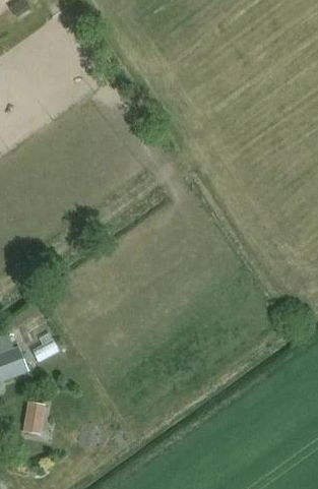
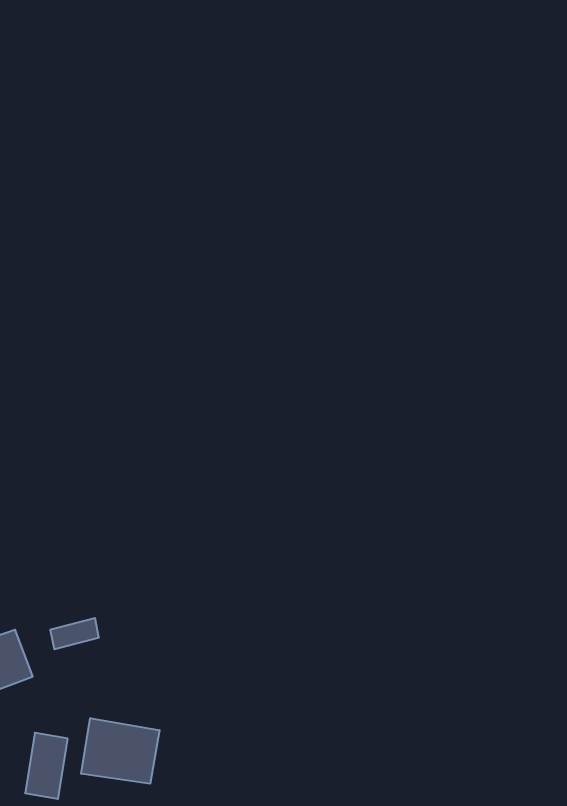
building: none -> [81,718,160,784]

